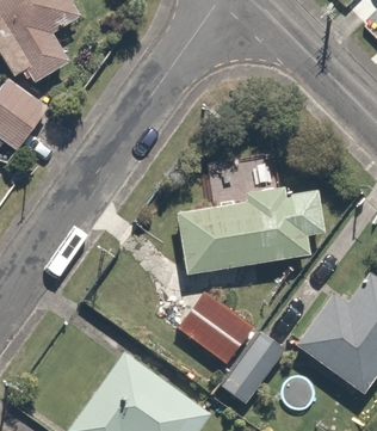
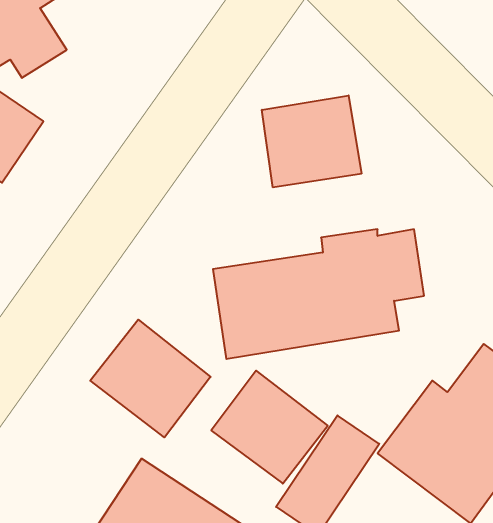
building: none -> [262,95,361,187]
building: none -> [90,320,211,437]

